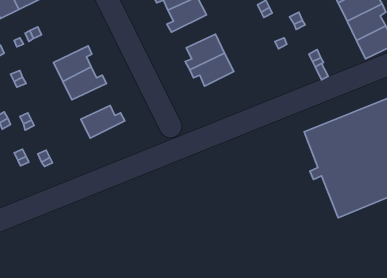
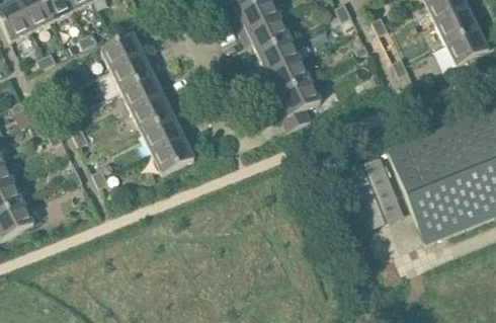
building: none -> [241,17,290,54]
building: none -> [99,33,149,70]
building: none -> [277,80,320,130]
building: none -> [131,93,173,133]
building: none -> [151,135,193,174]
building: none -> [343,155,400,219]

